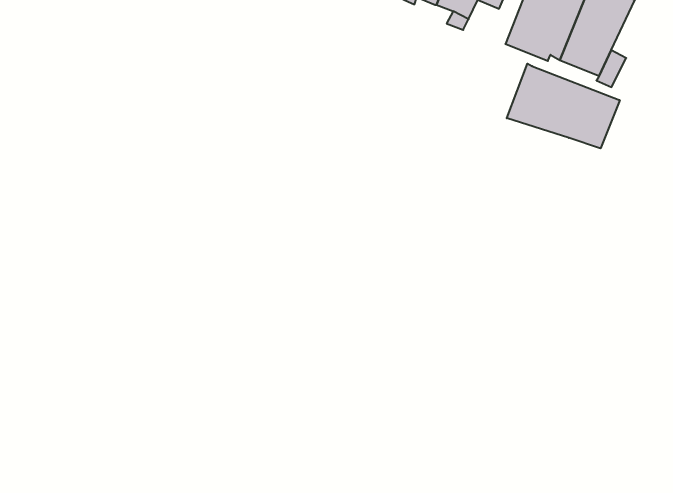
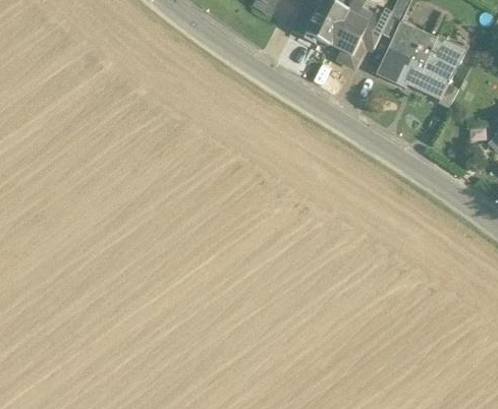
building: [507,64,620,148] -> none

